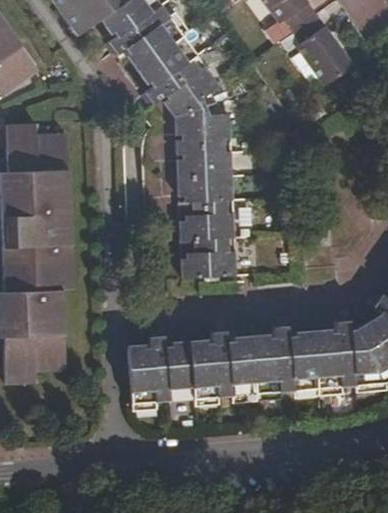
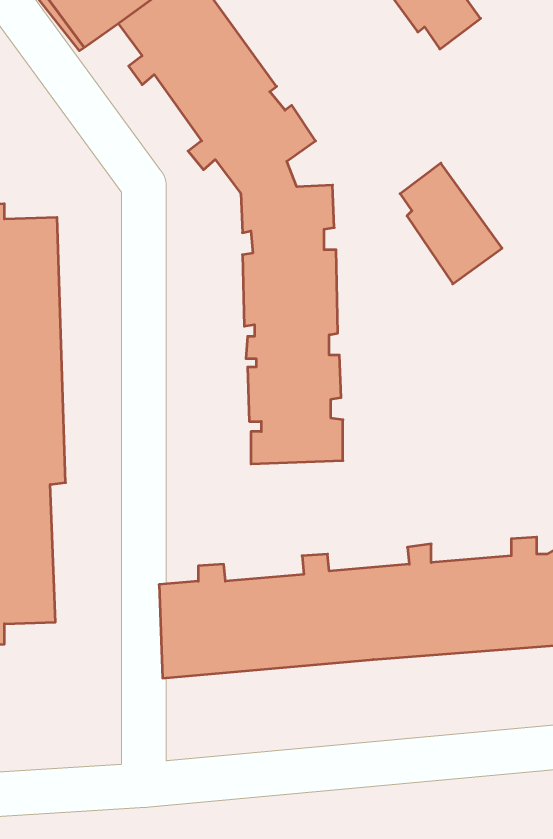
building: [293,14,353,85] -> [400,163,502,284]

